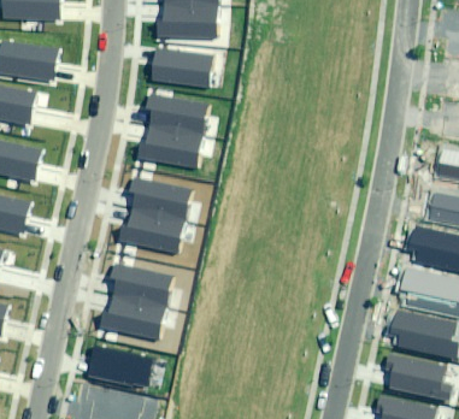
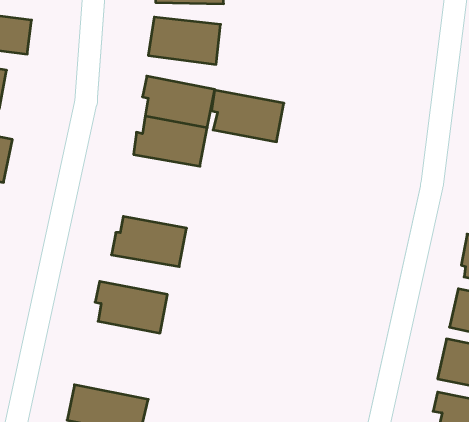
building: [130,177,189,219] -> [212,90,284,142]
building: [101,295,161,336] -> none

